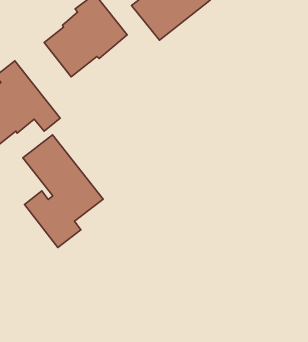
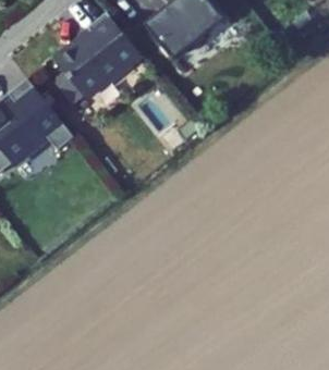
building: [23,135,103,248] -> none

